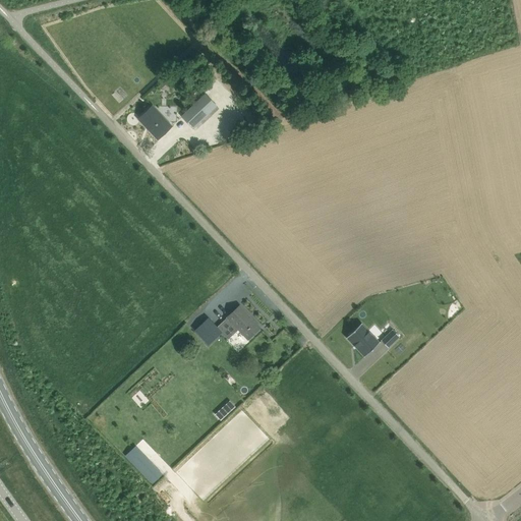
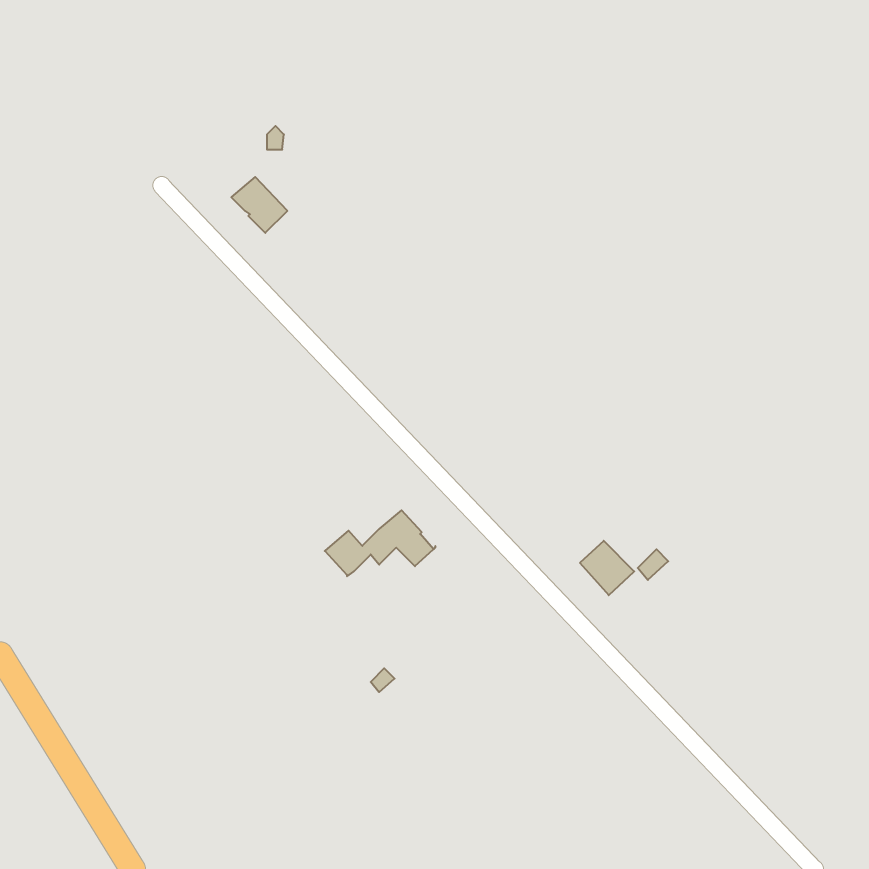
building: [182,94,218,128] -> none
building: [126,446,163,483] -> none

